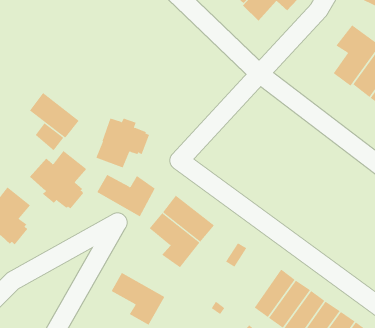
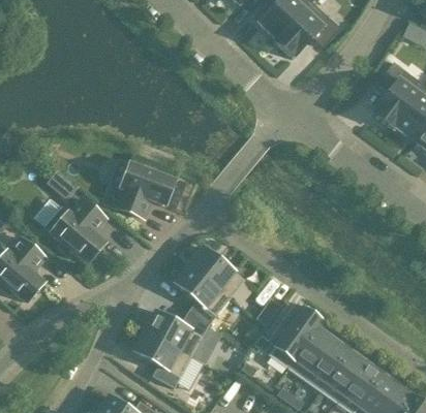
building: [29,92,79,139] -> none
building: [96,174,155,217] -> [145,310,209,356]
building: none -> [269,307,323,368]

